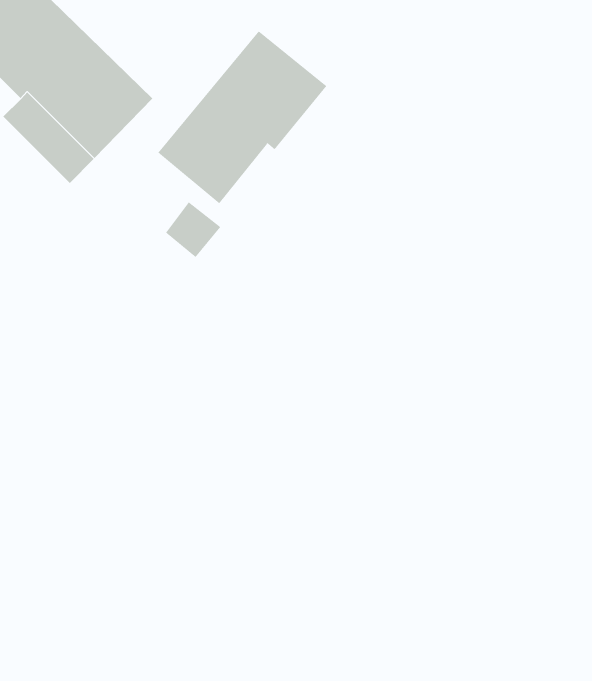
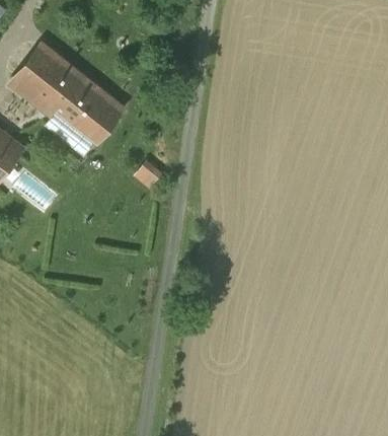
building: [158,30,327,204] -> none

